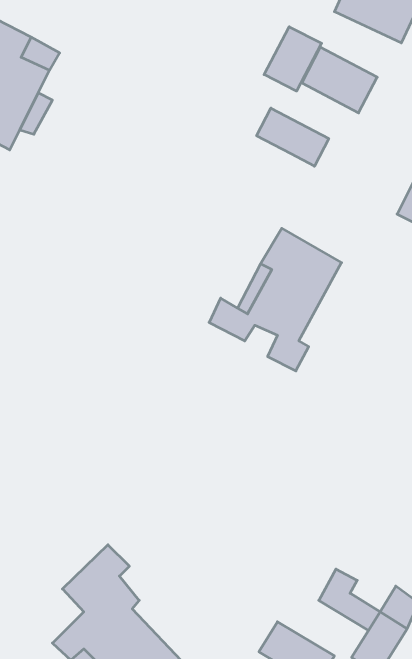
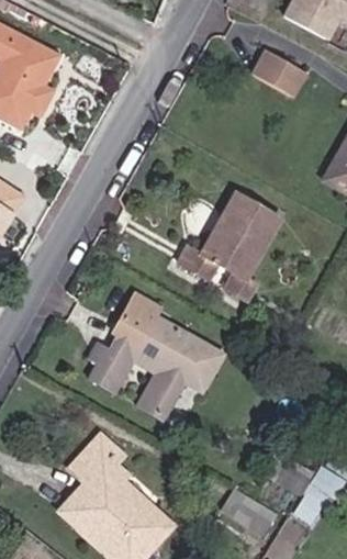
building: [264,27,322,91] -> none
building: [257,108,329,166] -> none
building: none -> [92,290,224,417]

